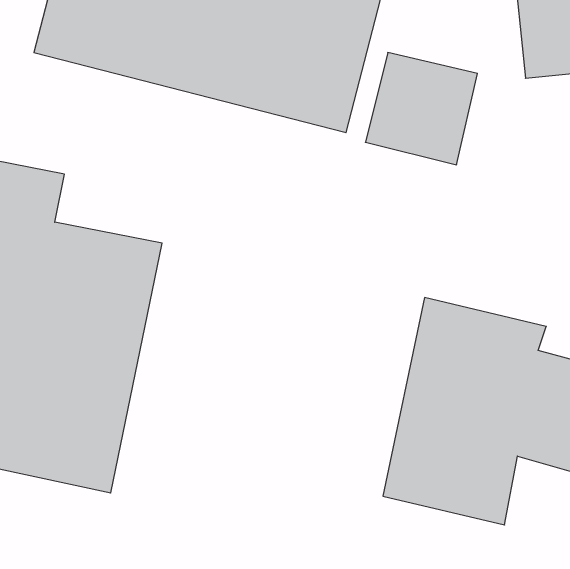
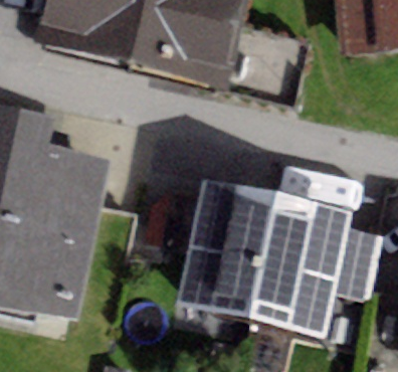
building: none -> [177,176,277,317]

